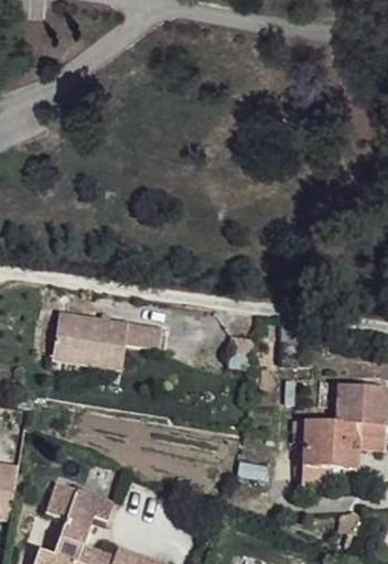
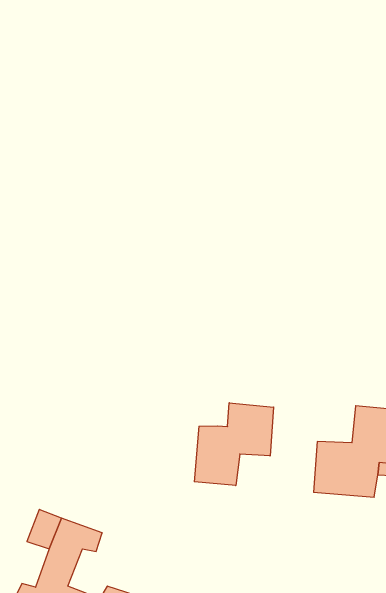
building: [54,312,164,370] -> none
building: none -> [194,403,274,486]

